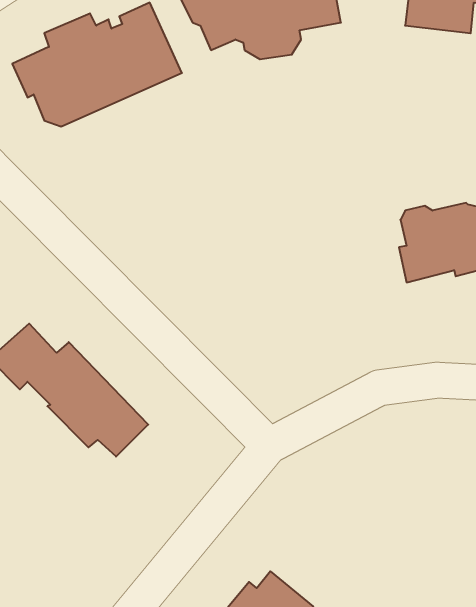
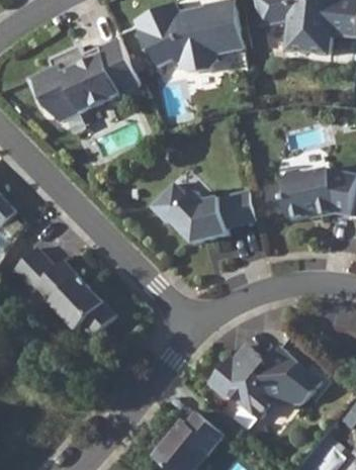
building: none -> [150,183,255,244]
building: none -> [209,345,321,418]

